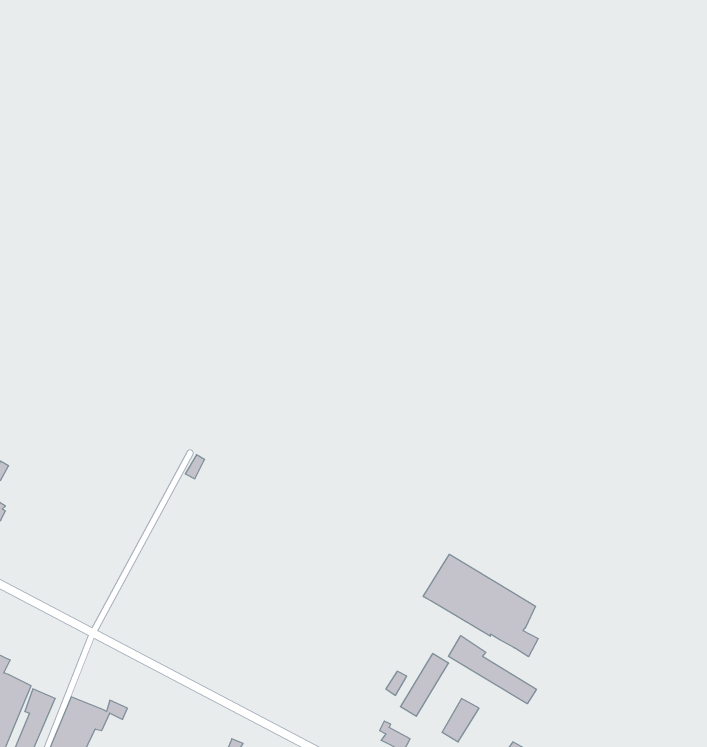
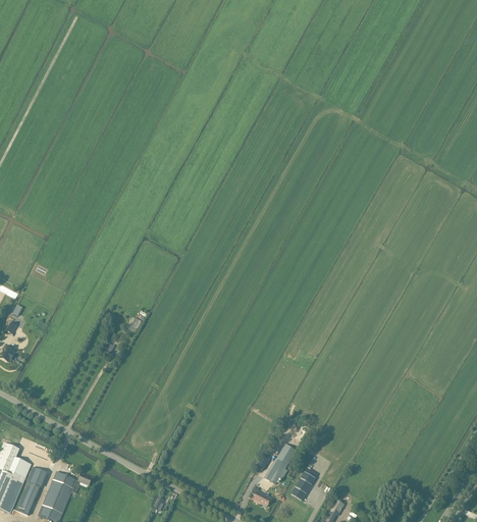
building: [423,554,538,657] -> none
building: [448,636,536,704] -> none

